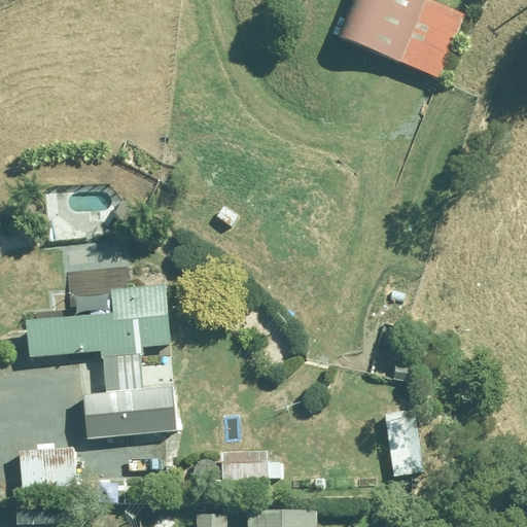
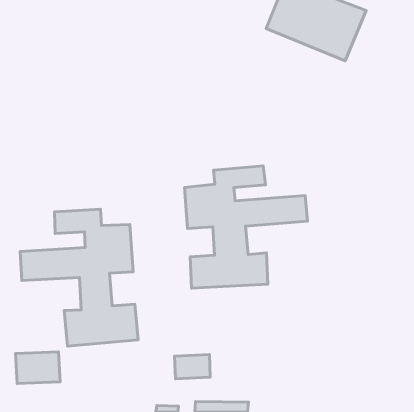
building: none -> [184,166,307,288]
building: [386,411,423,476] -> none

